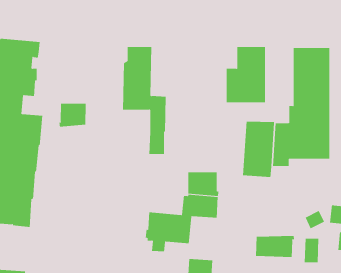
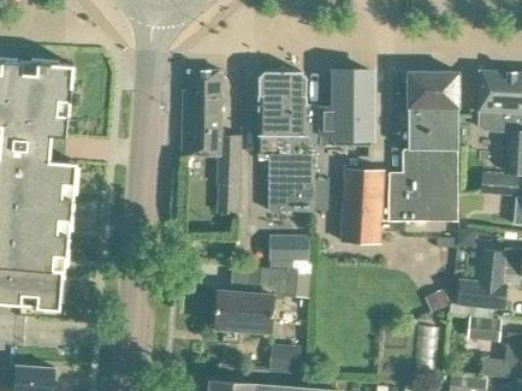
building: none -> [257,70,316,213]
building: [59,103,86,127] -> none
building: [256,235,295,258] -> none

